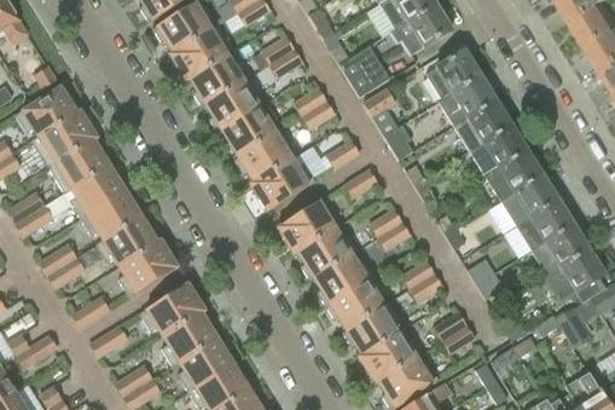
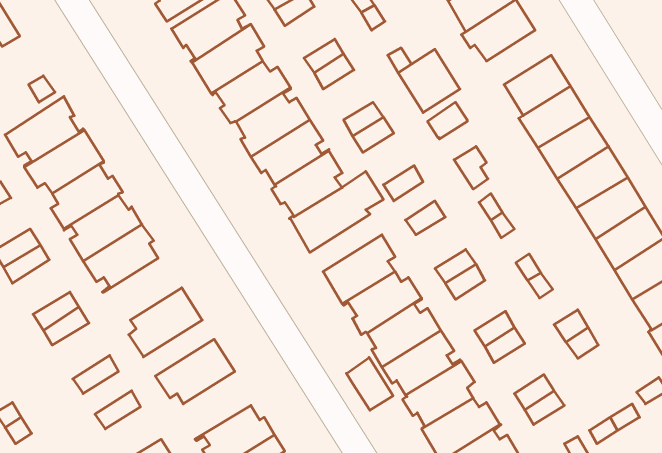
building: [97,214,161,266] -> none
building: none -> [346,357,393,410]
building: [161,308,220,364] -> none

